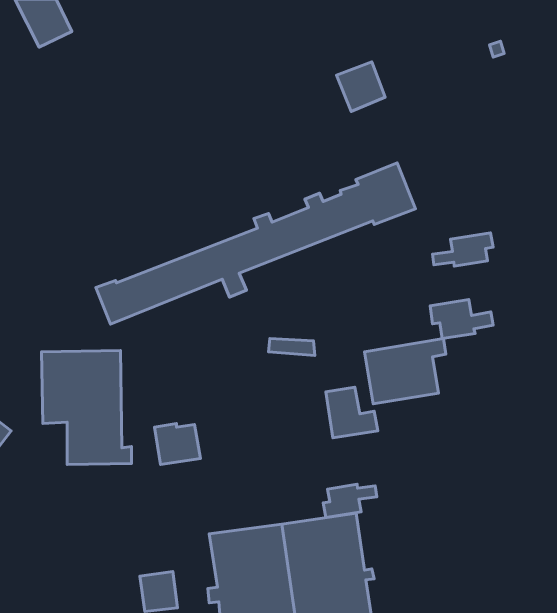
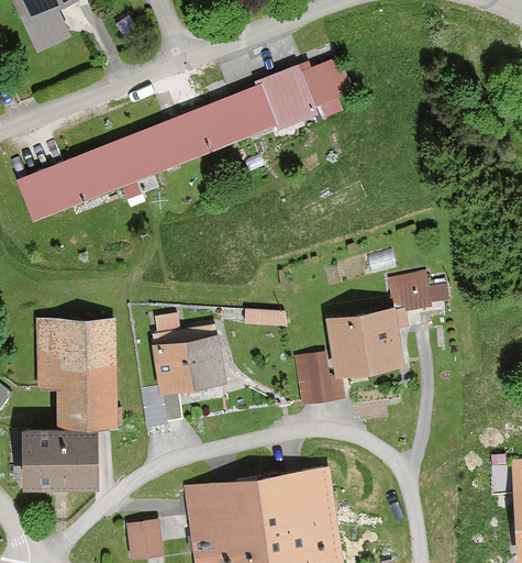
building: [96,163,415,324] -> [21,70,310,217]
building: [433,233,493,266] -> none
building: none -> [154,327,220,386]
building: none -> [25,431,95,487]
building: [323,484,377,518] -> none

